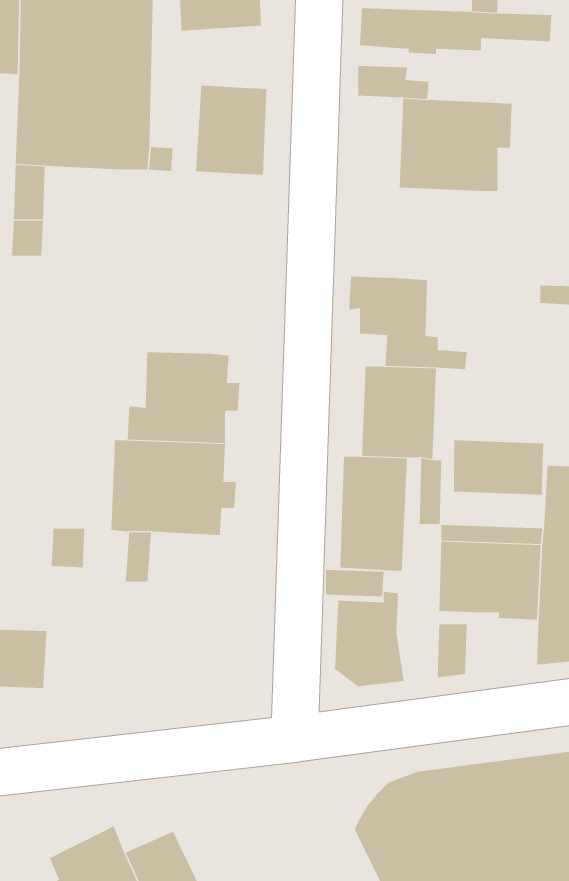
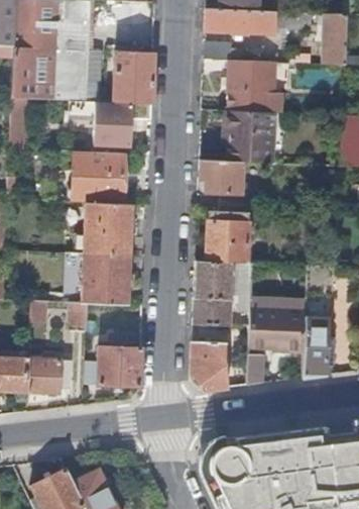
building: none -> [94,102,151,145]
building: none -> [223,109,275,163]
building: none -> [73,150,124,203]
building: [453,440,544,495] -> none
building: none -> [85,346,142,387]
building: none -> [28,359,74,392]

